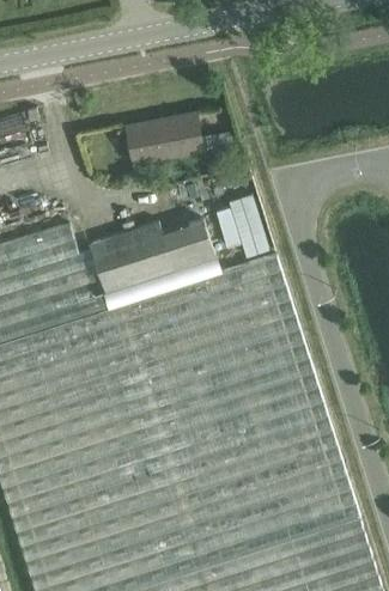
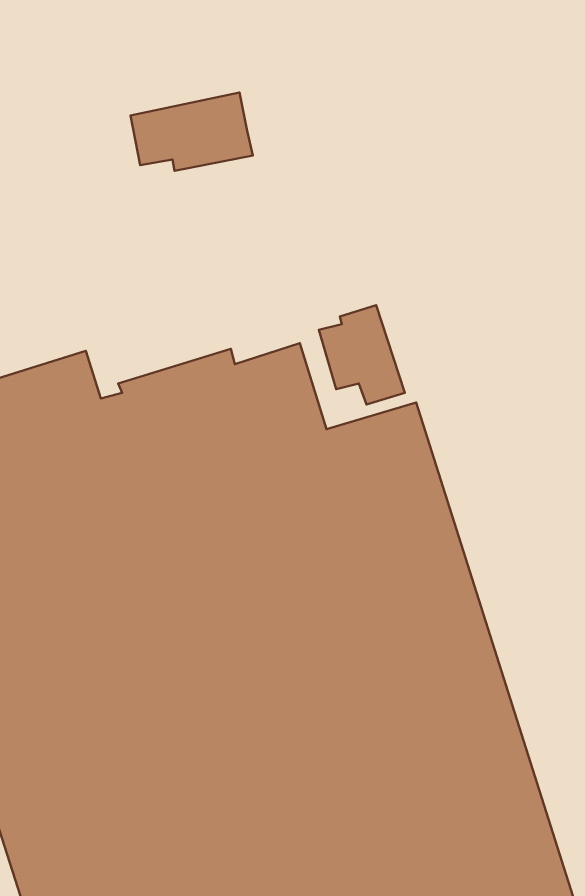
building: [127,111,203,160] -> [131,93,253,171]

